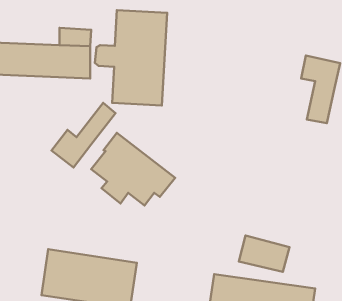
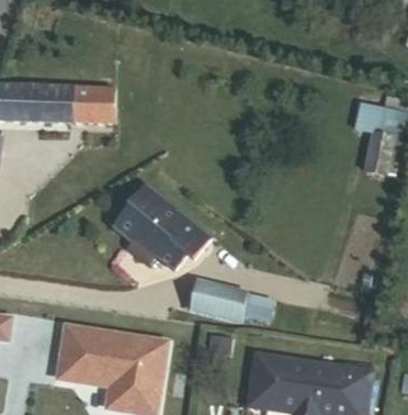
building: [95,10,167,105] -> none
building: [51,103,115,168] -> none
building: [239,236,289,272] -> [191,282,249,324]

